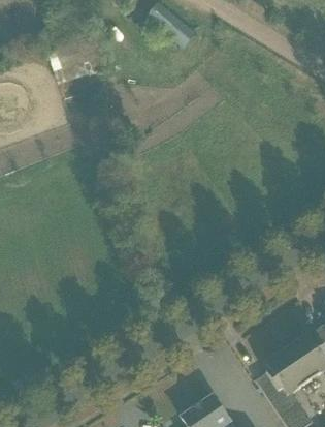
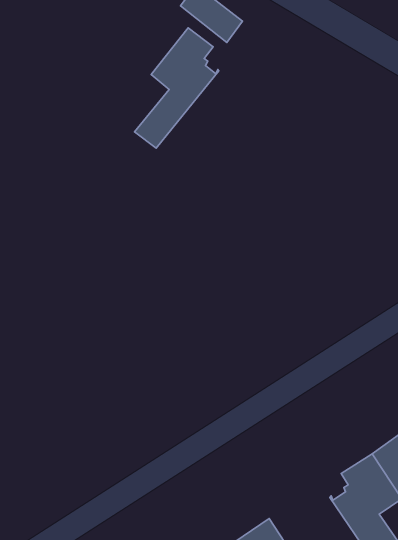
building: none -> [135,28,219,148]

